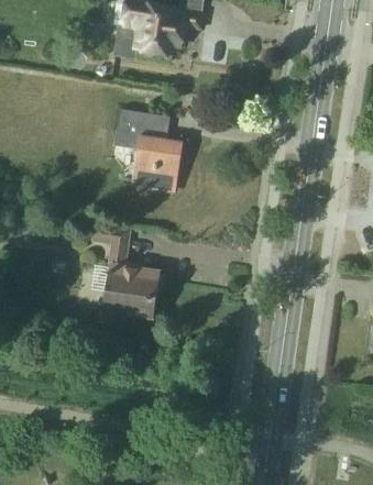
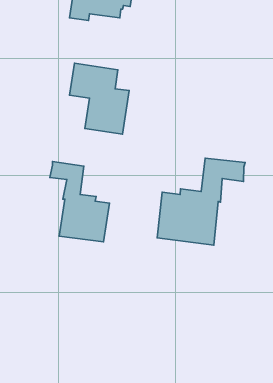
building: none -> [157,158,245,245]

